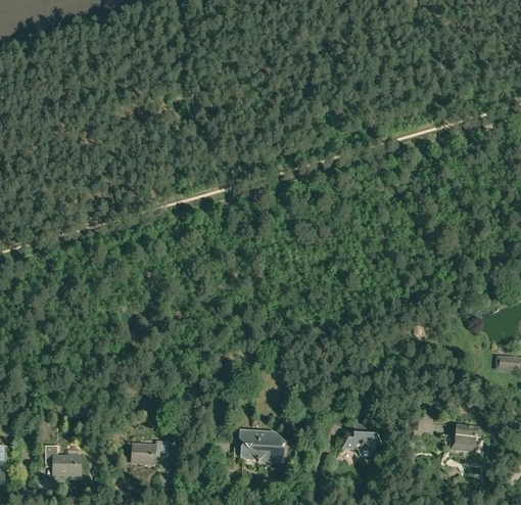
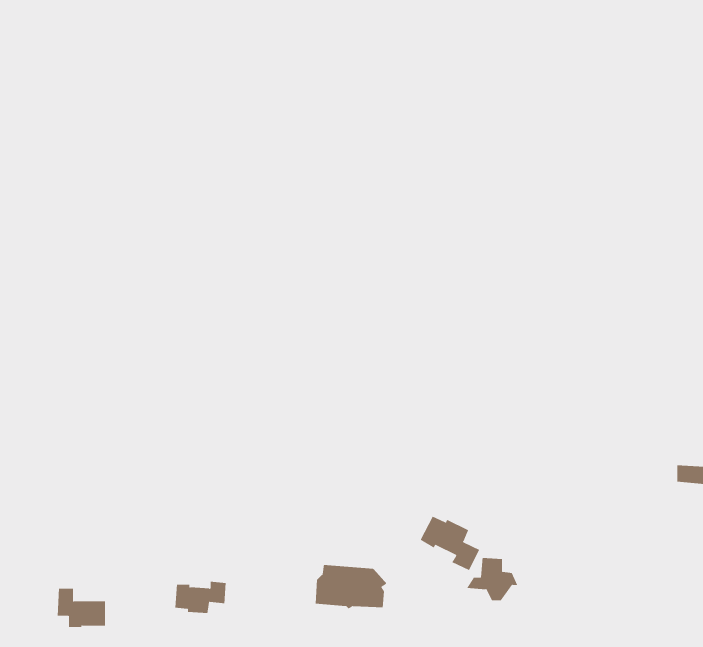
building: none -> [420,516,480,571]
building: [451,426,482,452] -> none

